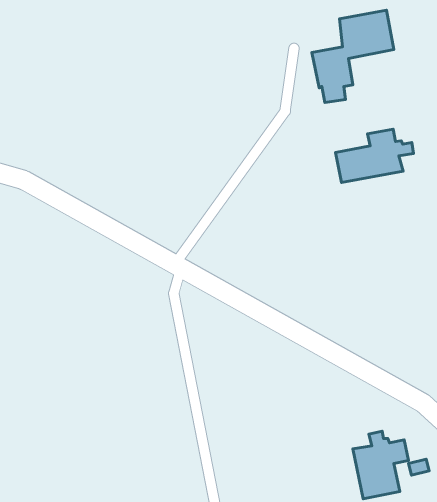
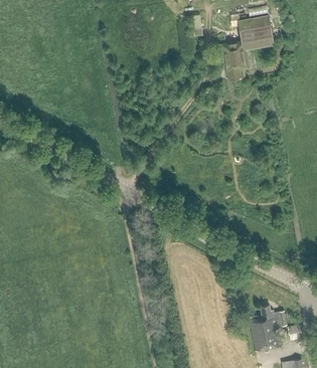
building: [336,129,414,183] -> none

